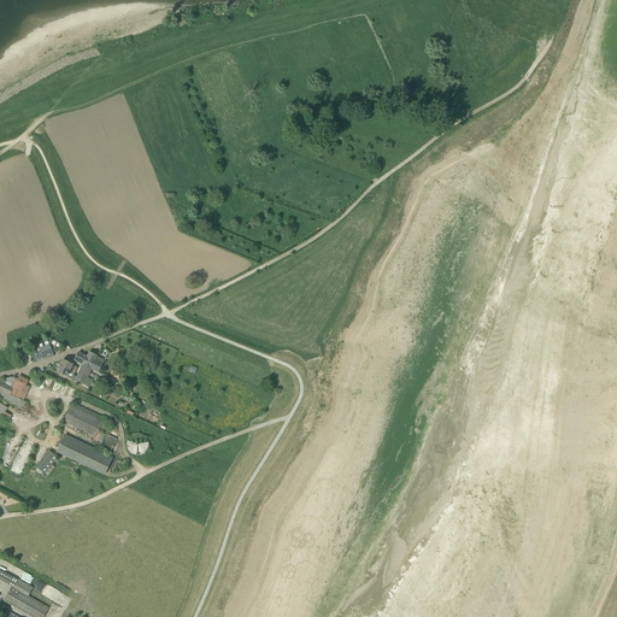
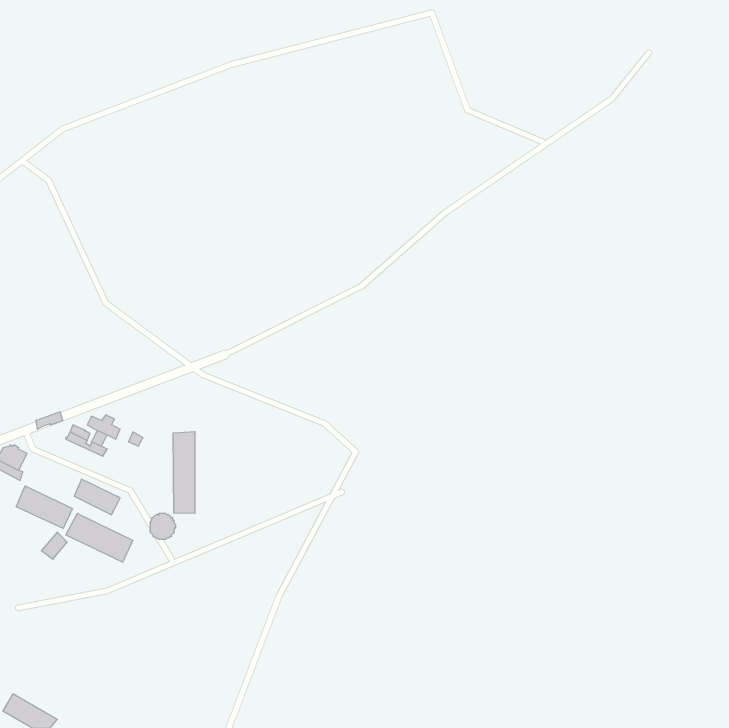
building: none -> [173,431,195,513]
building: none -> [16,486,73,528]

